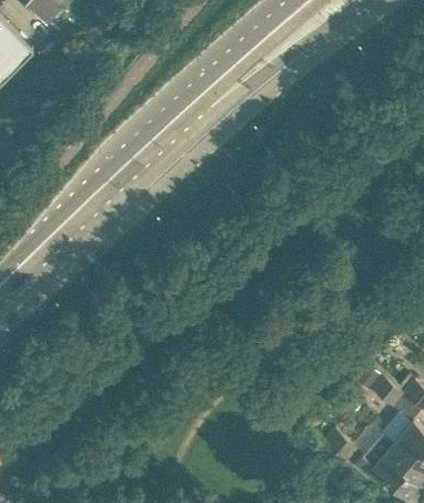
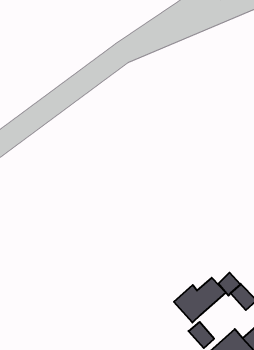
building: none -> [174,278,226,323]

